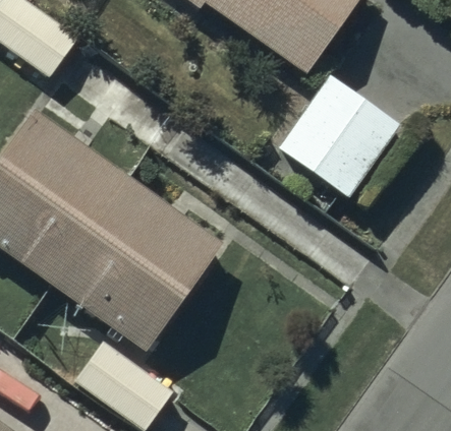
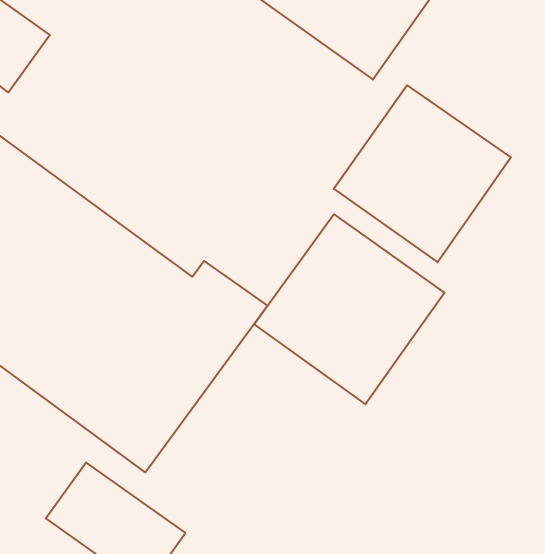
building: none -> [254,214,445,404]

